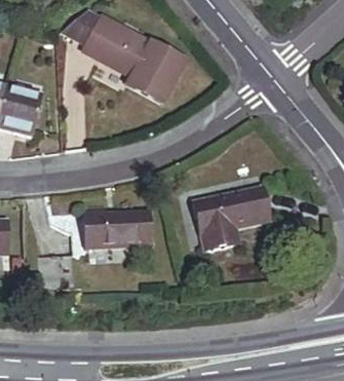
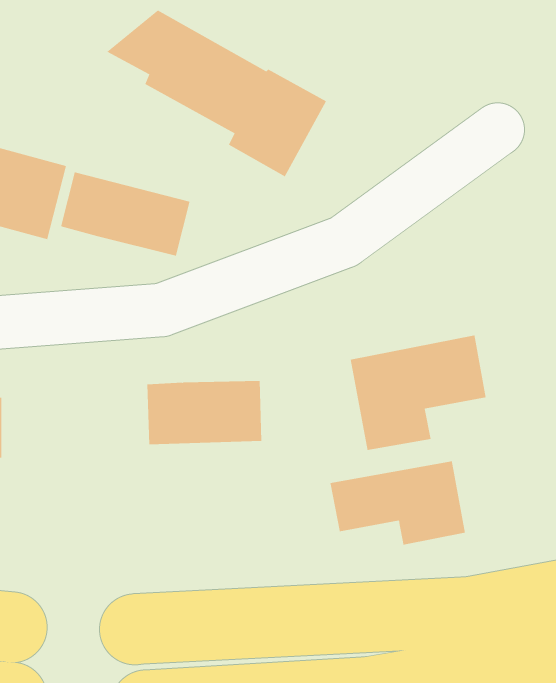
building: none -> [61,172,190,256]
building: none -> [330,461,466,545]

